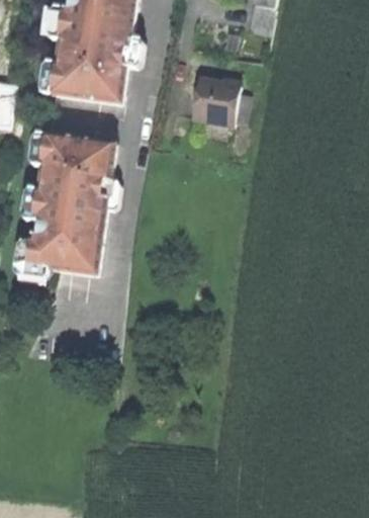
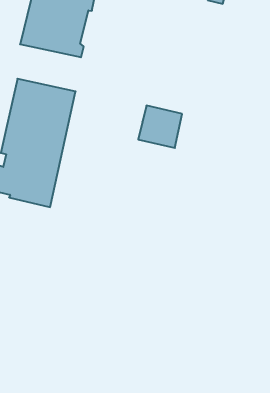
building: [188,81,235,125] -> [138,106,182,148]

